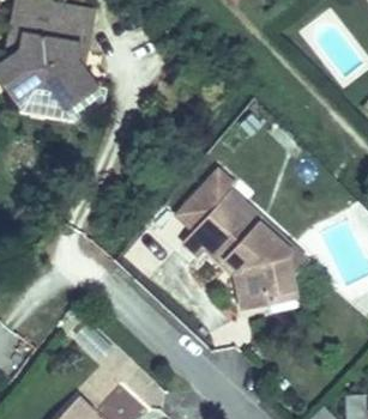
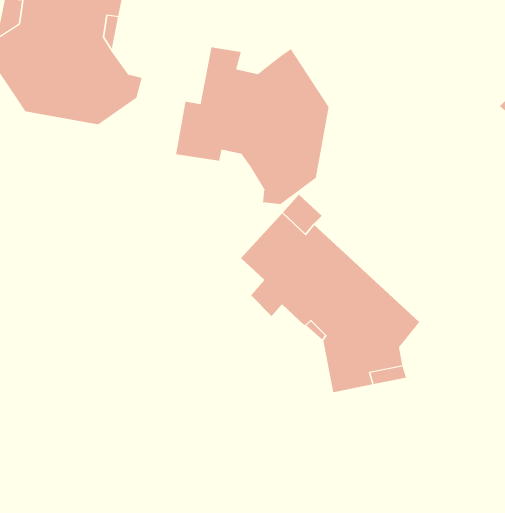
building: none -> [175,47,329,205]

